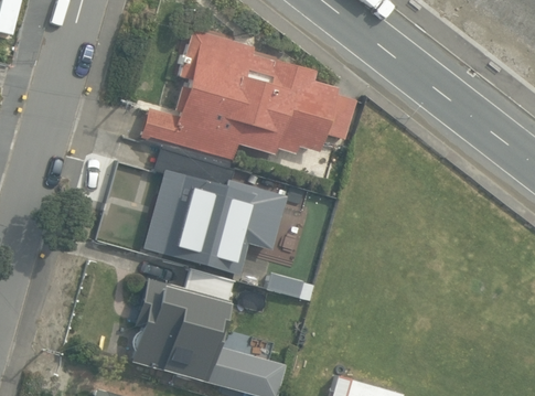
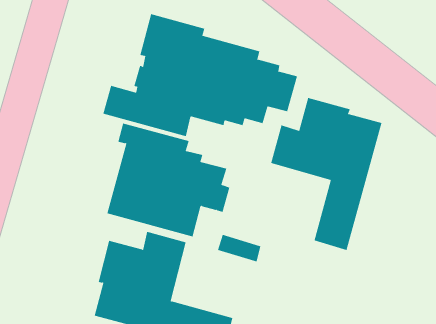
building: none -> [271,97,382,251]

